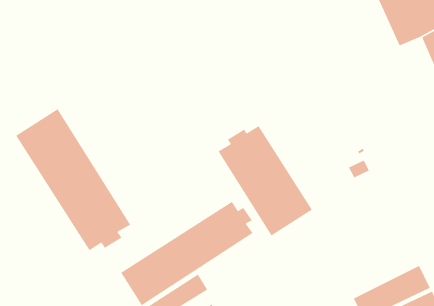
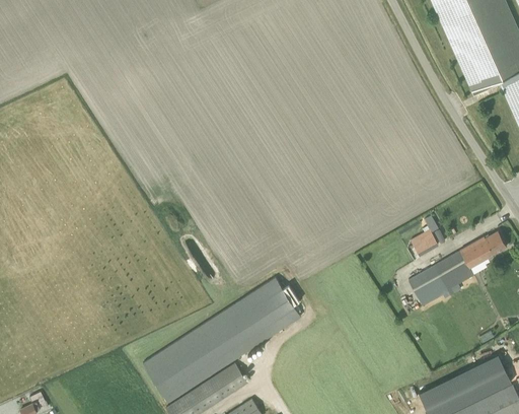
building: [15,108,131,251] -> none
building: [217,125,313,237] -> none
building: none -> [410,231,508,305]

